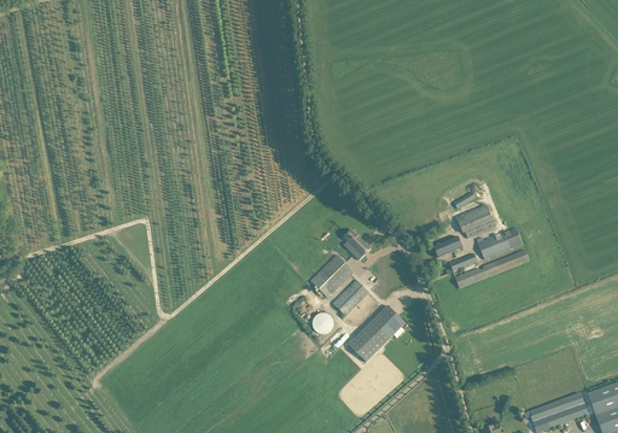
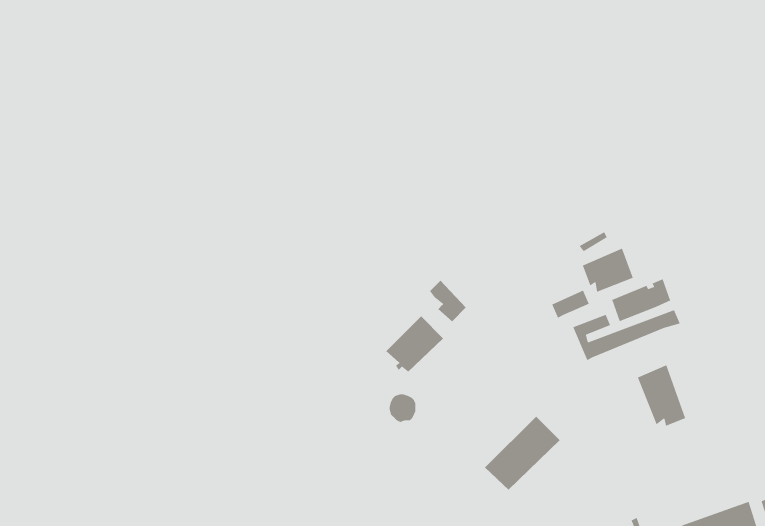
building: [333,279,369,316] -> none
building: none -> [637,364,686,427]
building: [349,305,406,361] -> [484,416,560,490]

